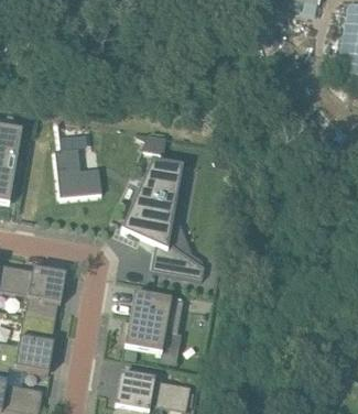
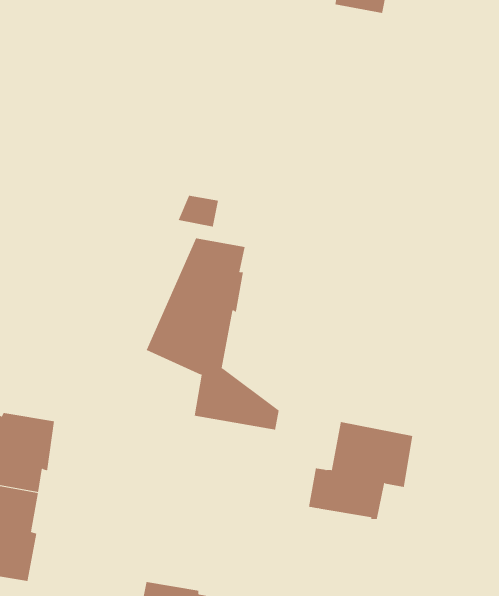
building: [56,149,98,197] -> none
building: [119,293,184,353] -> [308,421,413,519]

